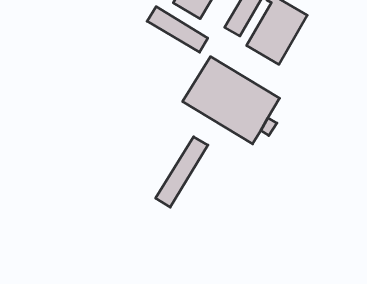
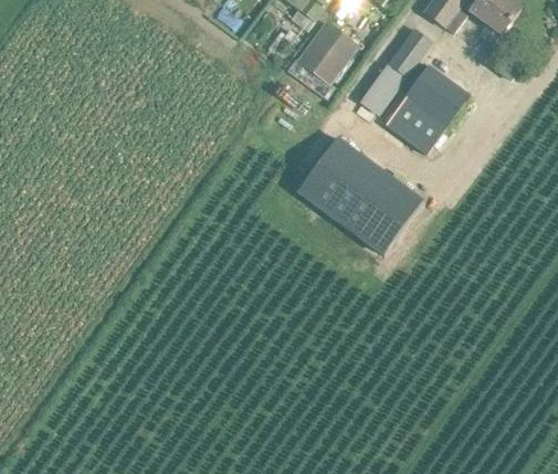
building: [147,7,208,52] -> none
building: [156,137,208,207] -> none

